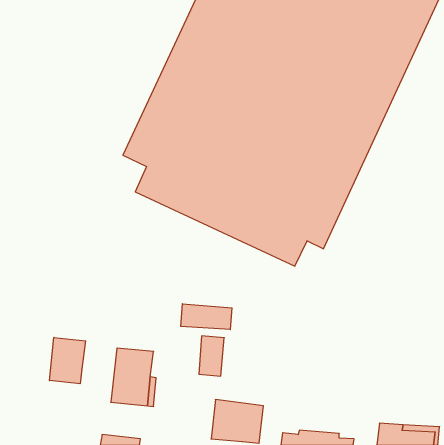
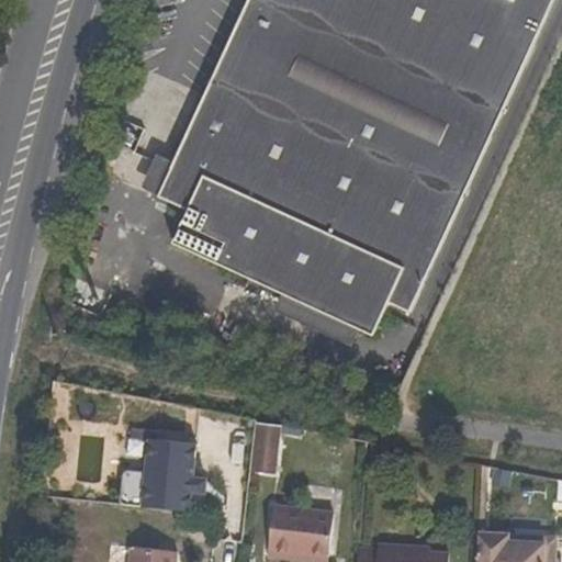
building: [181,304,232,330] -> none
building: [50,337,86,384] -> none

